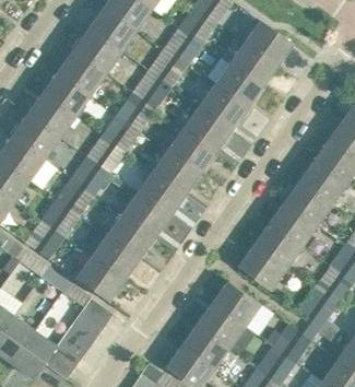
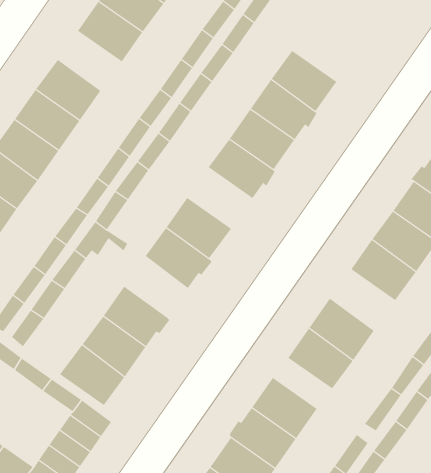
building: [242,22,291,67] -> none
building: [70,30,119,73] -> none
building: [158,124,214,174] -> none
building: [120,194,167,238] -> none
building: [268,203,318,248] -> none

